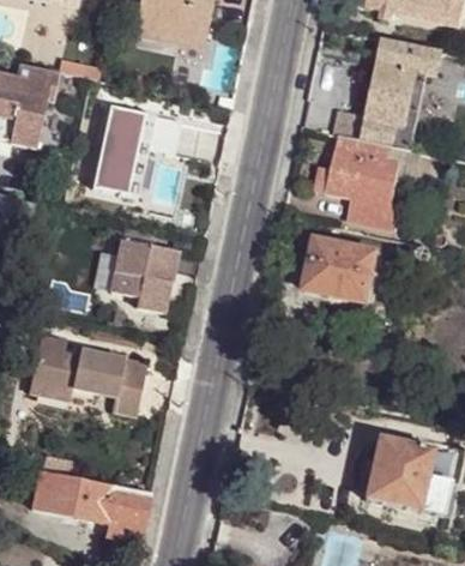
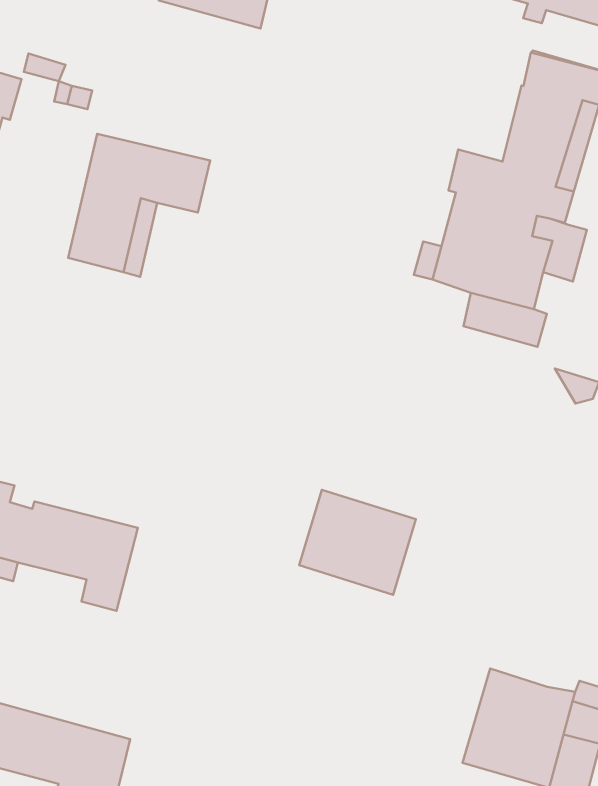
building: [109,234,177,308] -> none
building: [302,237,375,302] -> [299,490,416,595]

